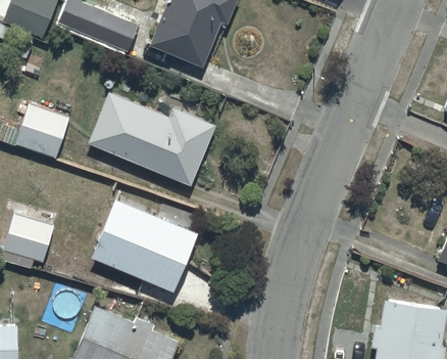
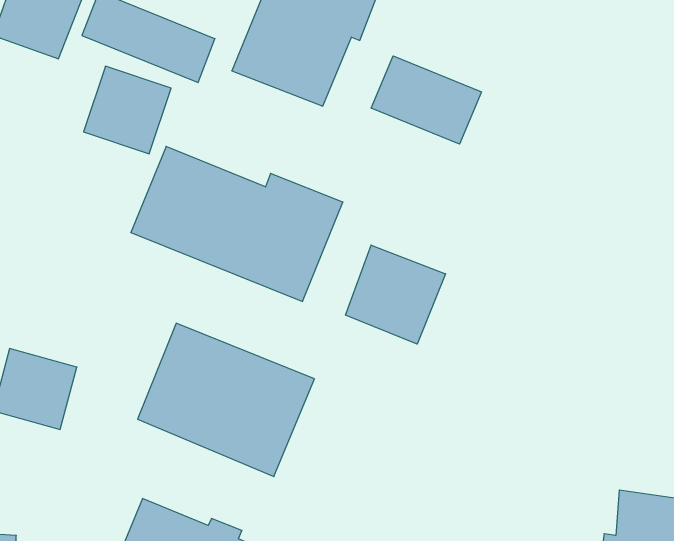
building: none -> [371,56,481,144]
building: [15,106,68,160] -> [84,66,171,154]
building: none -> [345,245,446,344]

